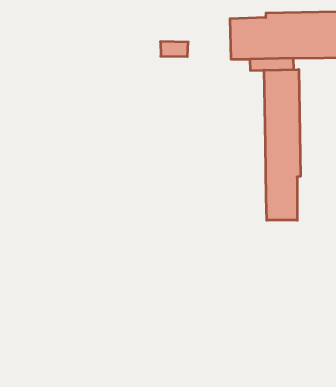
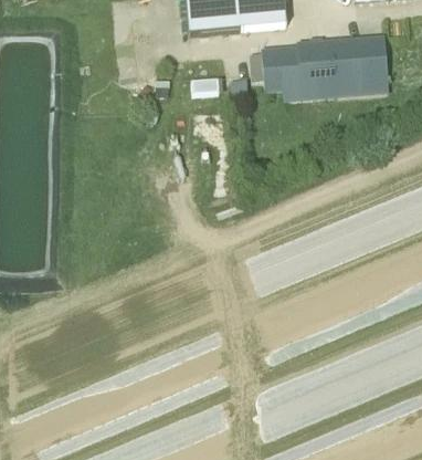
building: [264,69,300,220] -> none

